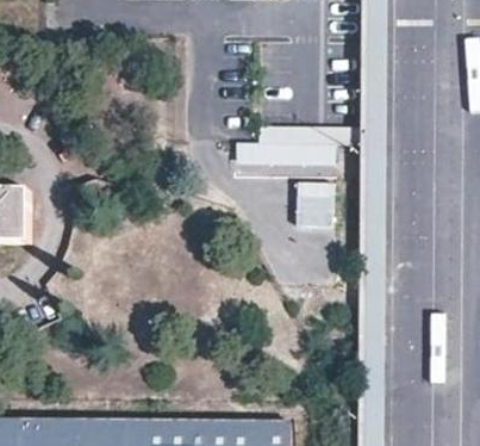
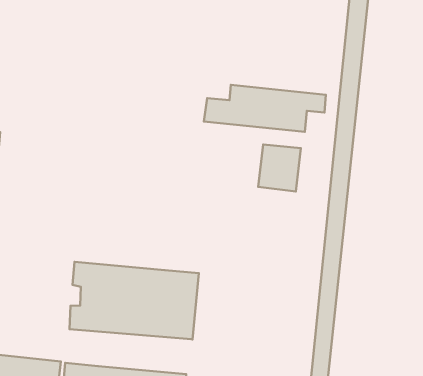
building: none -> [69,262,199,339]

